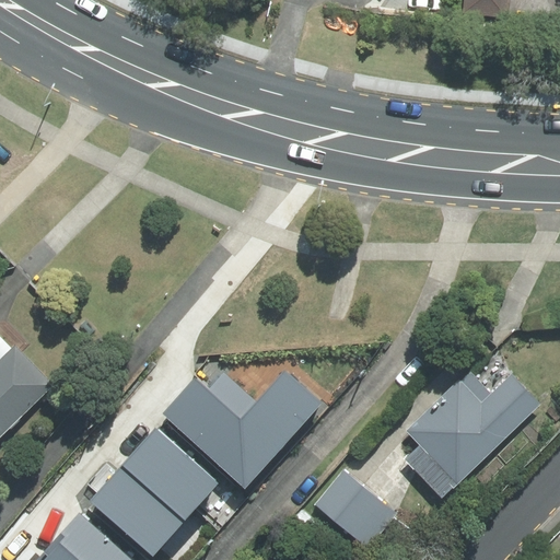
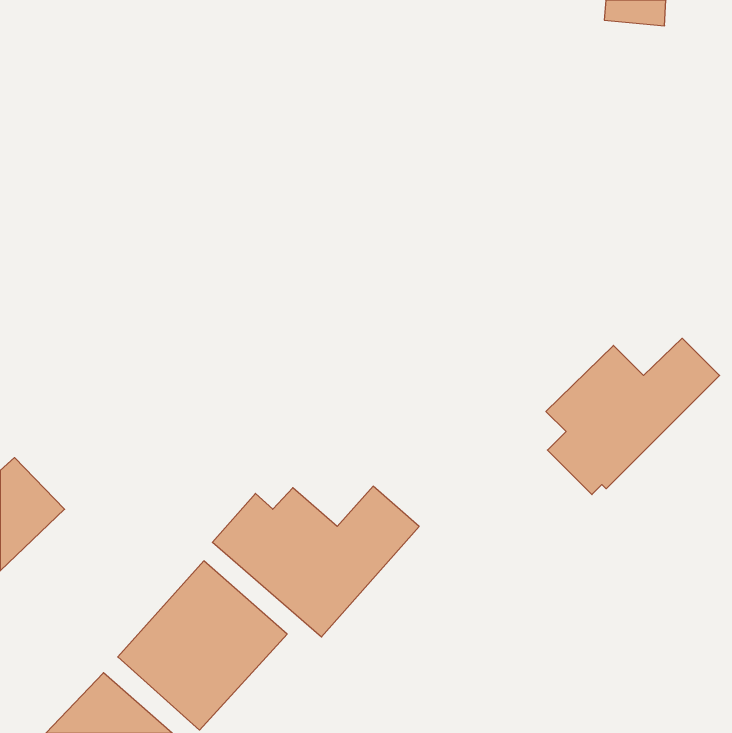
building: [405,377,537,497] -> [546,338,720,495]
building: [312,472,394,550] -> none

